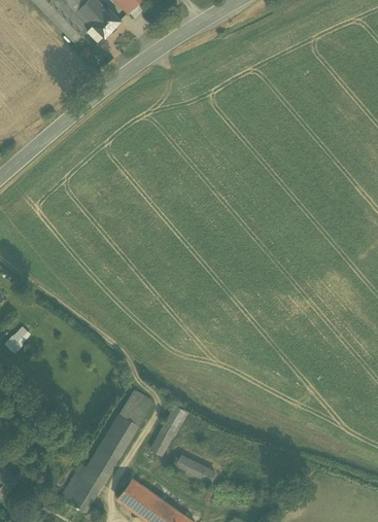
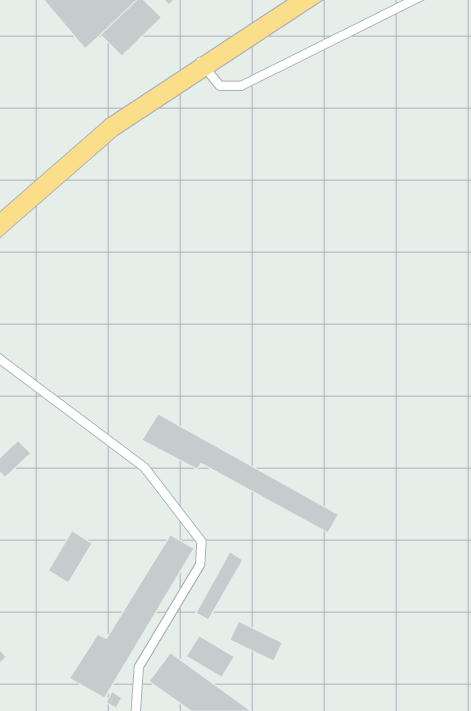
building: none -> [142,414,339,533]
building: none -> [48,531,92,583]
building: none -> [186,636,234,678]

